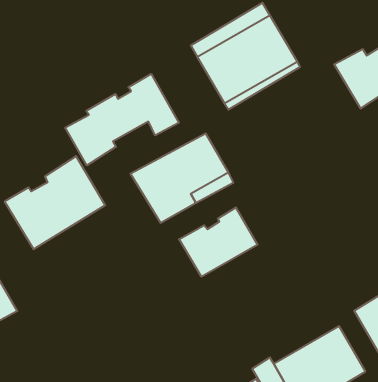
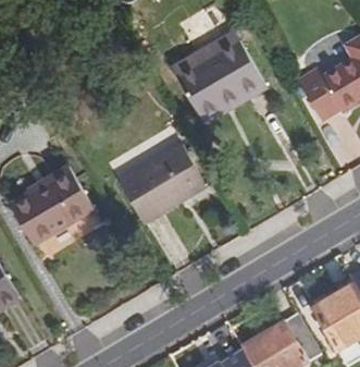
building: [65,74,179,165] -> none
building: [179,207,258,277] -> none

